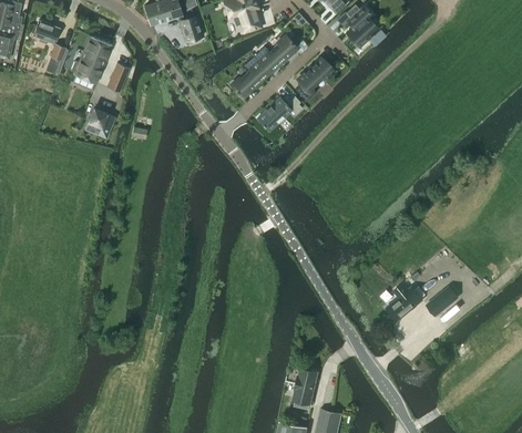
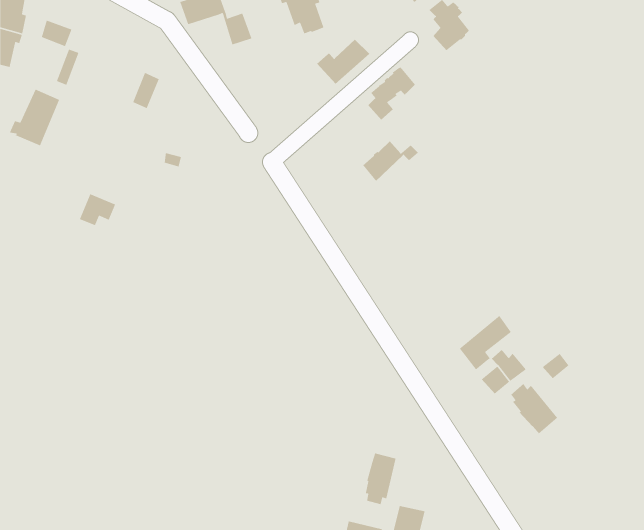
building: [71,35,112,82] -> [9,88,60,147]
building: [232,55,270,96] -> none
building: [258,97,304,131] -> [362,140,419,182]
building: [85,107,115,134] -> [79,193,116,226]
building: none -> [459,315,512,371]
building: none -> [510,383,558,434]

